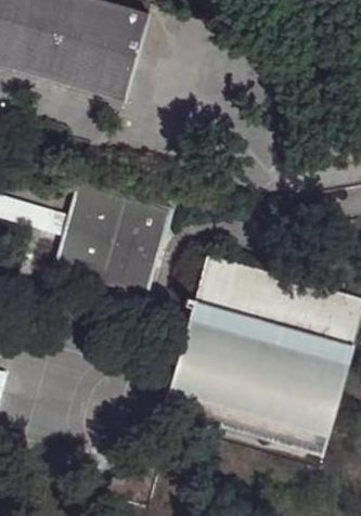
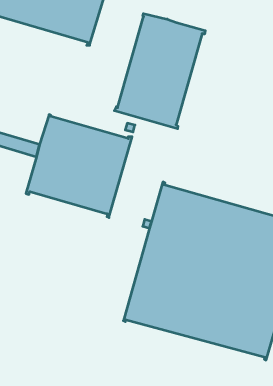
building: none -> [114,14,205,129]

